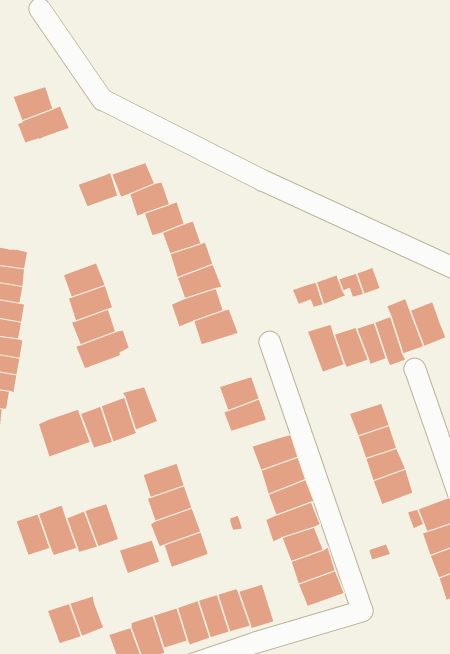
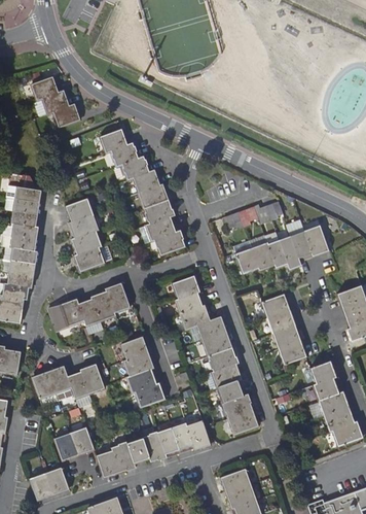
building: [78,172,118,207] -> [51,103,79,127]
building: none -> [180,306,210,329]
building: [119,540,160,574] -> none

